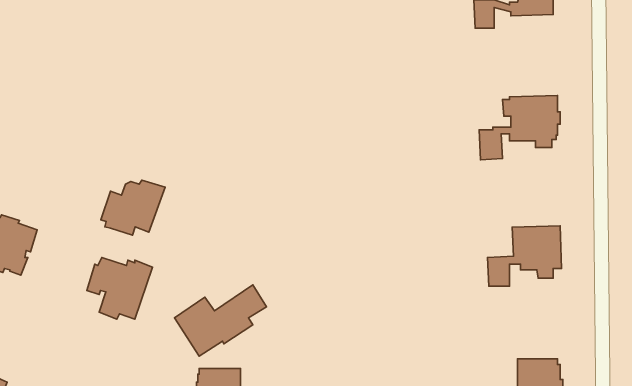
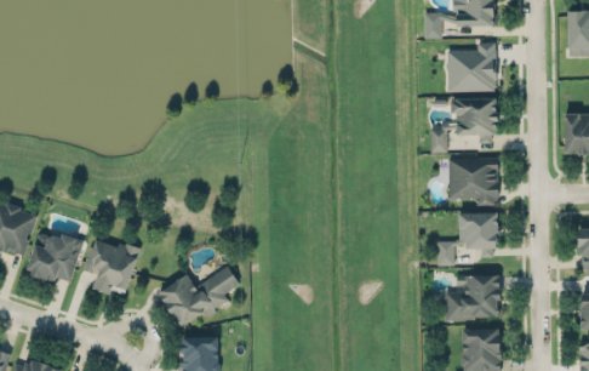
building: none -> [446,42,497,92]
building: none -> [448,156,497,205]
building: [101,180,165,235] -> [27,235,84,284]
building: none -> [445,276,499,320]

